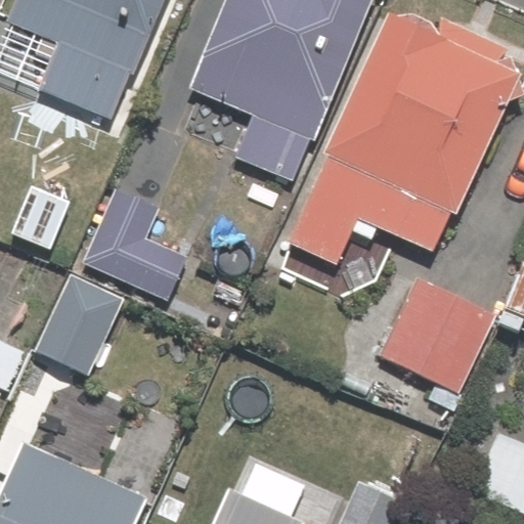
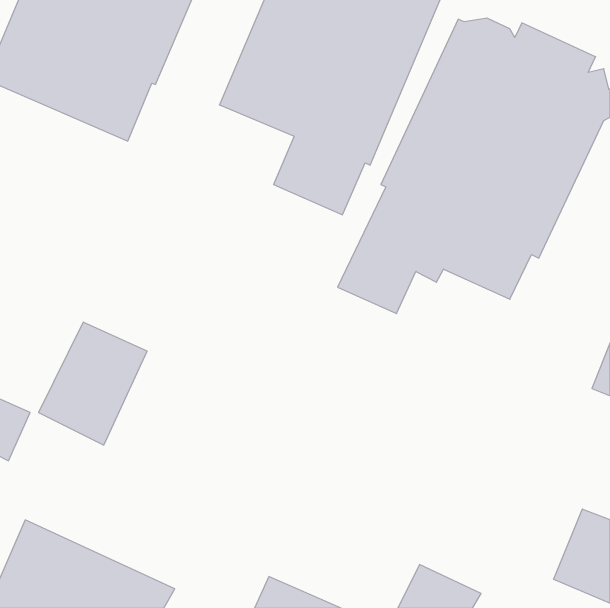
building: [80,187,186,301] -> none
building: [378,275,496,408] -> none

